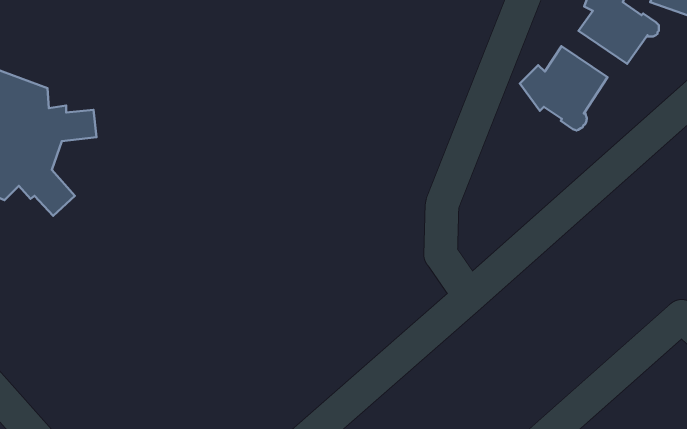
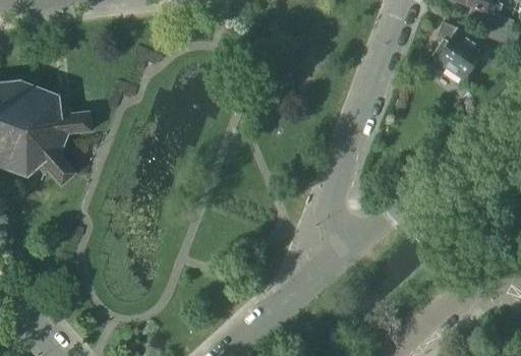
building: [520,46,608,131] -> none

